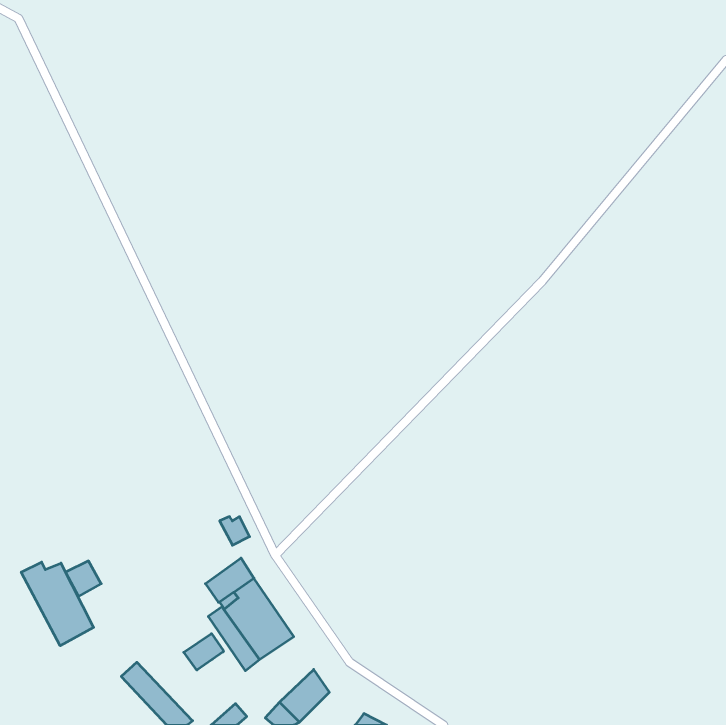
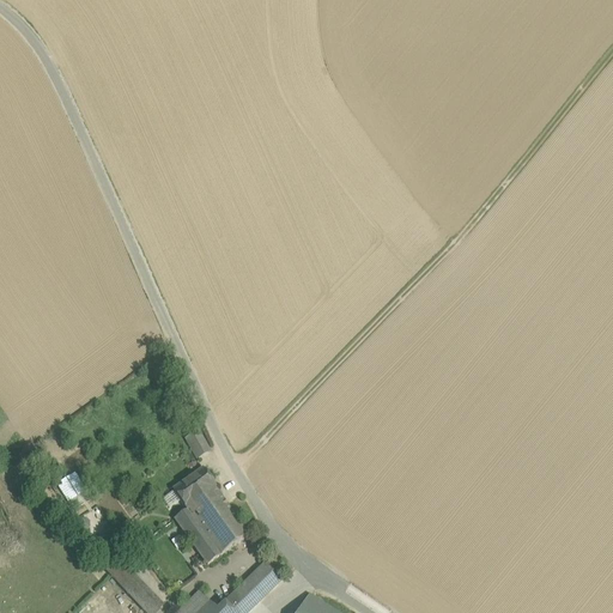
building: [21,562,94,646] -> none
building: [184,634,223,670] -> none

